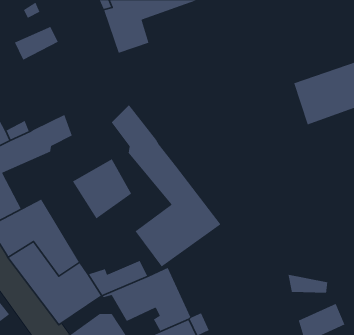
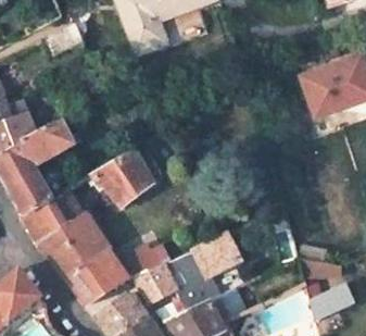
building: [111,104,221,267] -> none
building: none -> [195,235,238,274]

